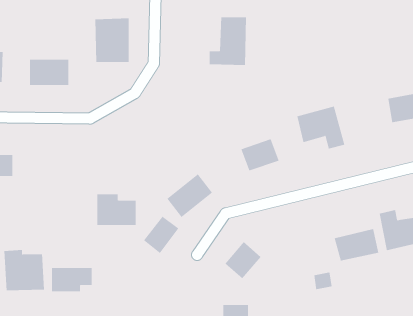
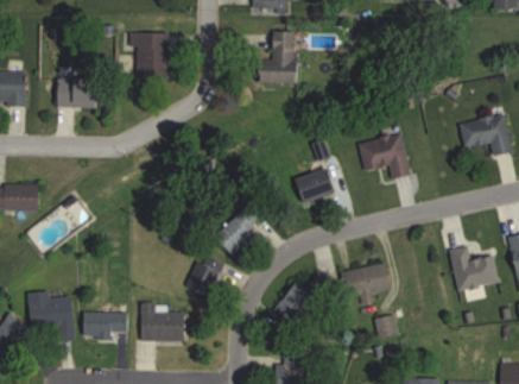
building: [96,194,137,226] -> [141,304,186,340]
building: [334,228,379,261] -> [341,262,392,298]

